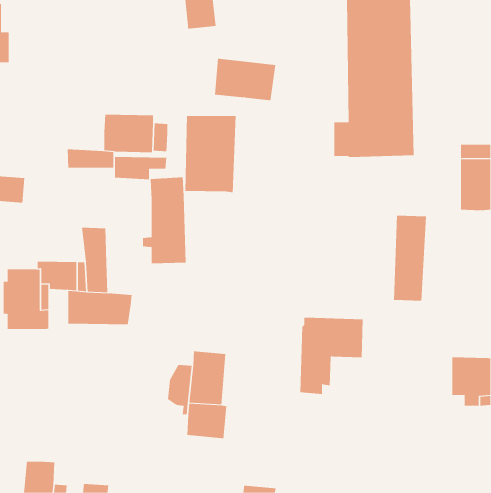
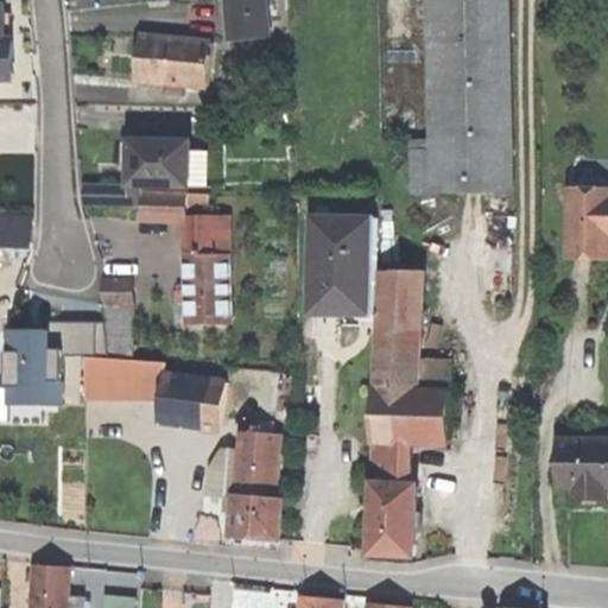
building: [214,58,276,101] -> [134,34,210,87]
building: [184,116,237,193] -> [310,218,374,314]
building: [393,215,427,301] -> [375,285,417,391]
building: none -> [156,374,224,426]
building: none -> [366,482,413,556]

